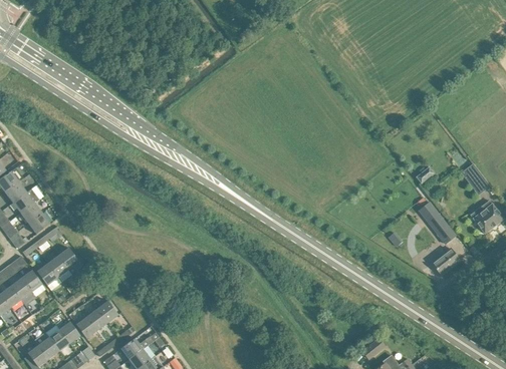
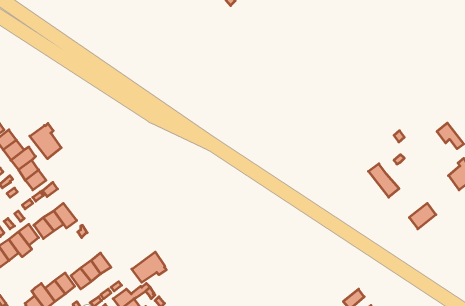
building: none -> [30,123,61,159]
building: [424,209,456,244] -> [368,164,399,197]
building: none -> [132,252,166,282]

